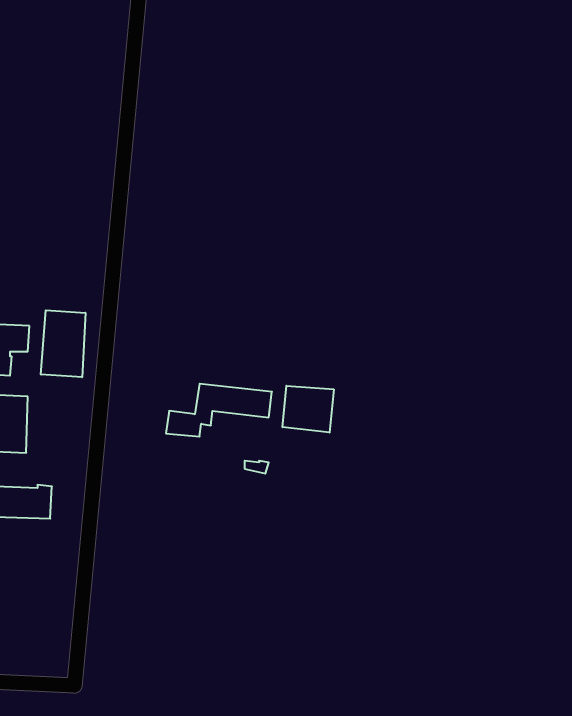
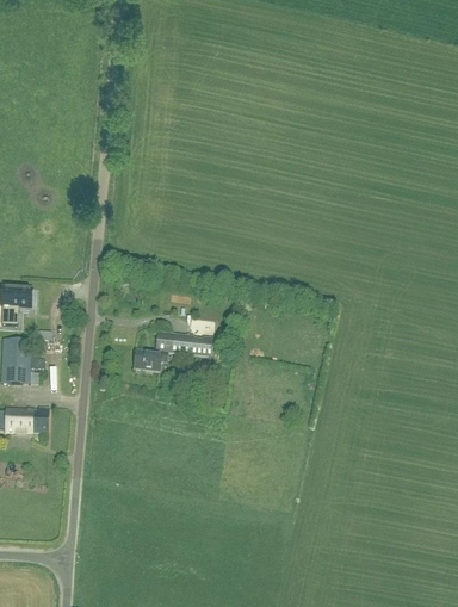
building: [41,310,85,377] -> none
building: [283,386,334,433] -> none

